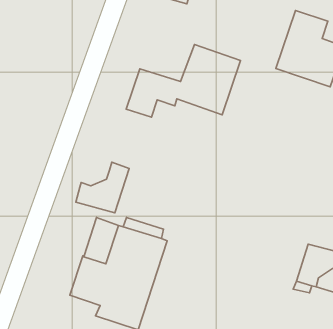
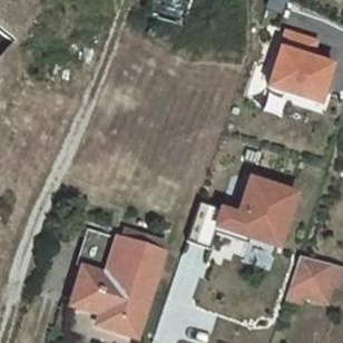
building: [126,44,241,117] -> [185,178,295,248]
building: [76,162,129,213] -> none

